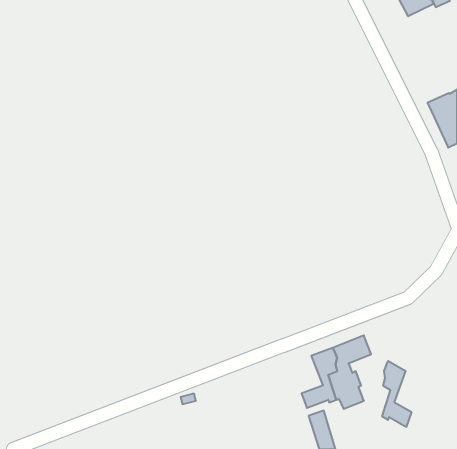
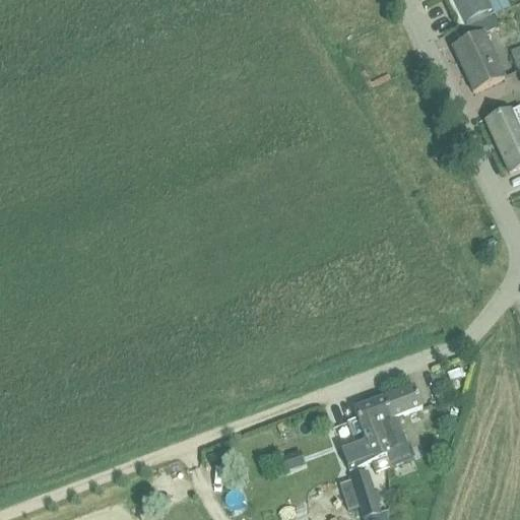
building: none -> [452,11,505,87]
building: [382,361,411,427] -> none

